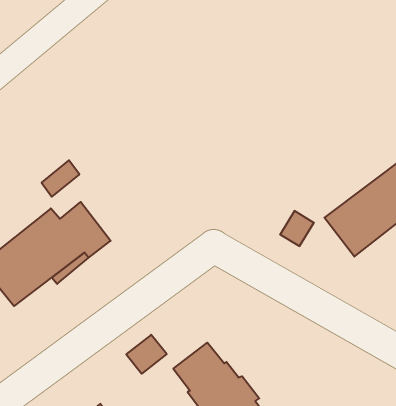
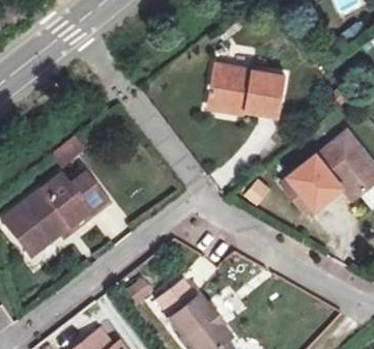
building: none -> [206,62,284,115]

